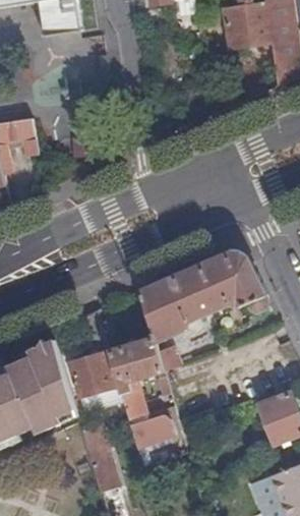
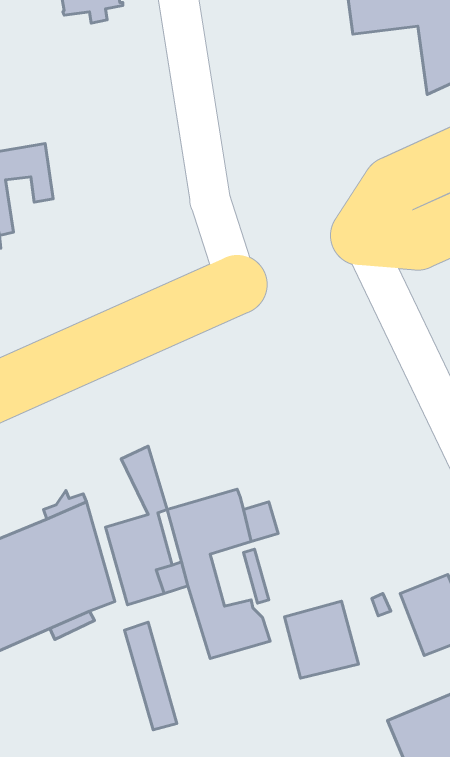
building: [141,251,268,342] -> none
building: none -> [284,601,358,678]

